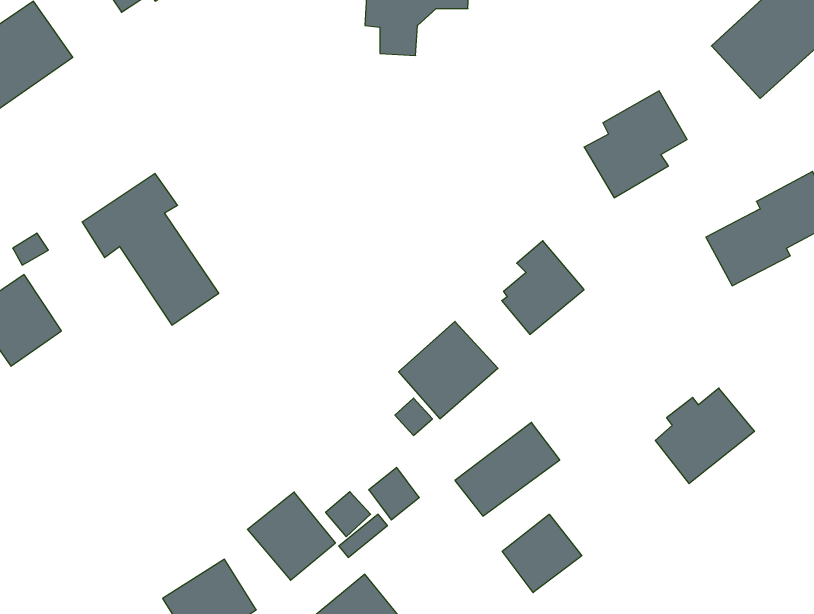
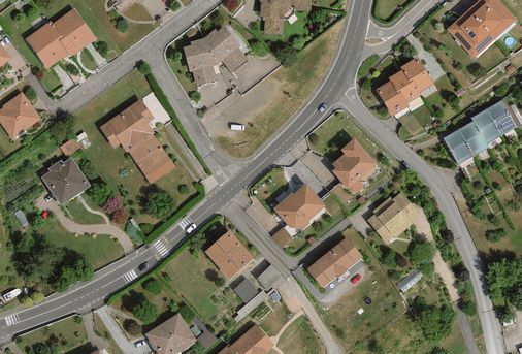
building: none -> [183,26,246,86]
building: [655,388,755,484] -> [367,192,422,245]
building: [247,492,335,580] -> [204,231,253,280]
building: [502,514,582,593] -> none

